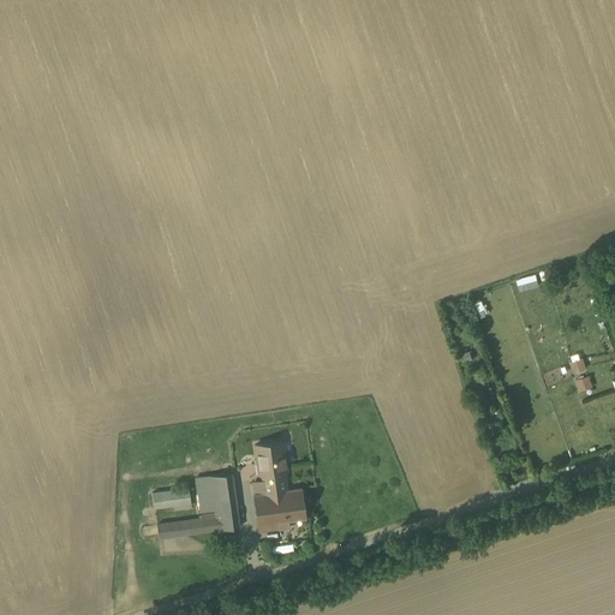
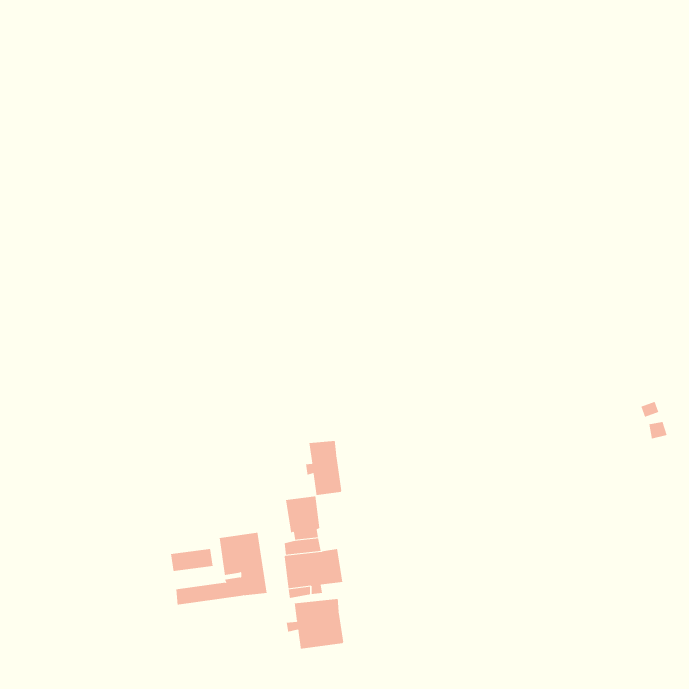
building: none -> [305,440,342,496]
building: none -> [286,598,344,649]

